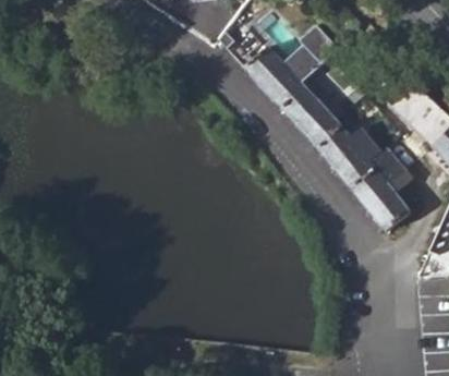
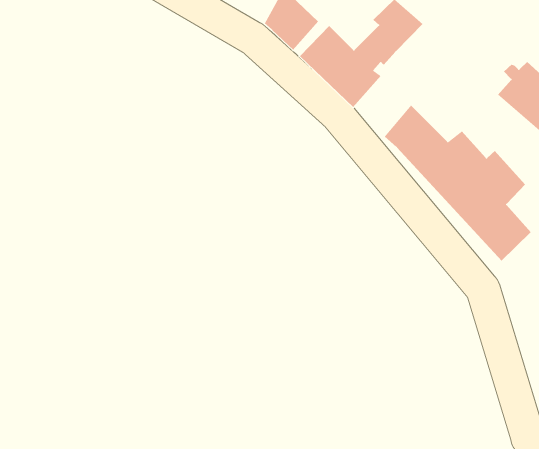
building: [282,69,332,132] -> none

